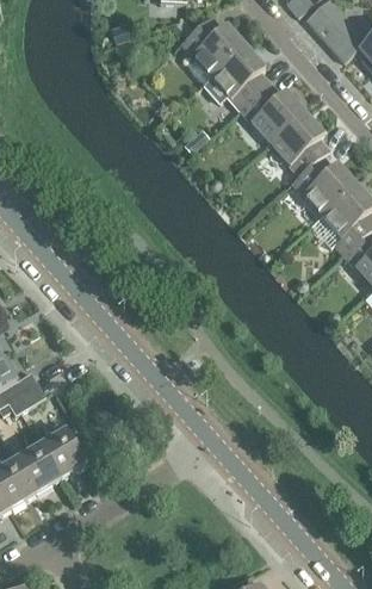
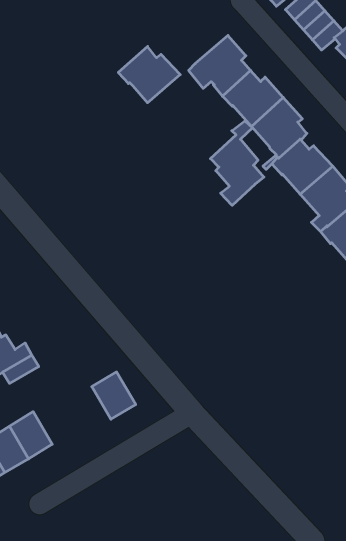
building: [180,16,246,75] -> [118,46,180,103]
building: none -> [210,121,264,205]
building: [39,428,86,478] -> [92,372,136,419]

